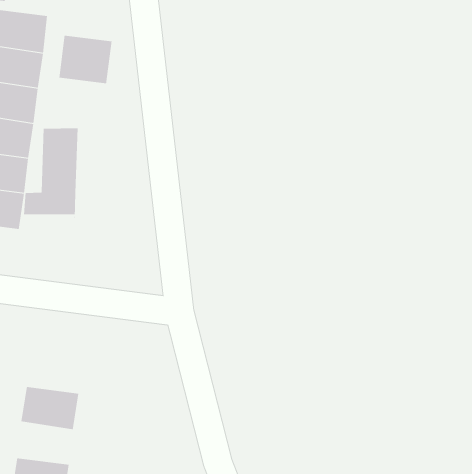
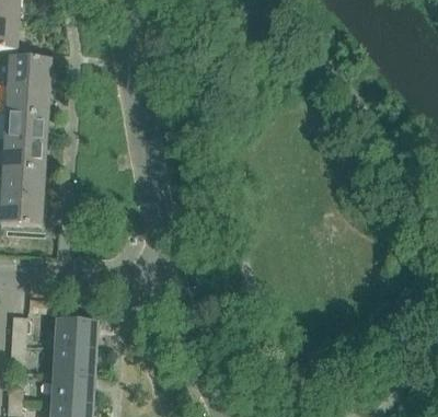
building: [59,35,112,84] -> none
building: [23,127,78,219] -> none
building: none -> [55,318,97,349]
building: none -> [51,374,94,405]

